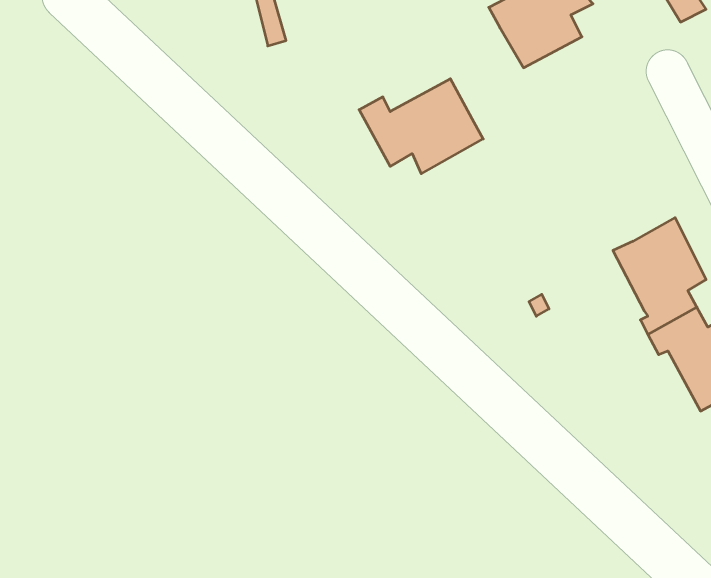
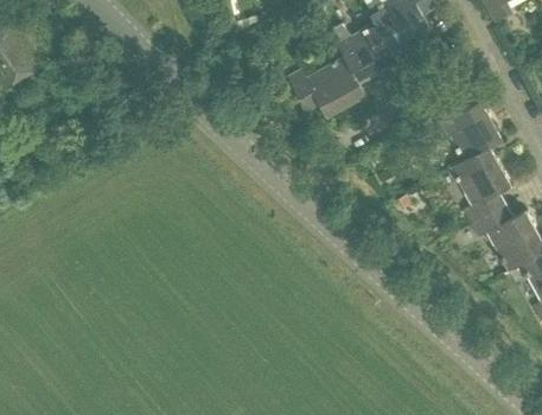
building: none -> [329,23,400,84]
building: none -> [441,100,503,161]

